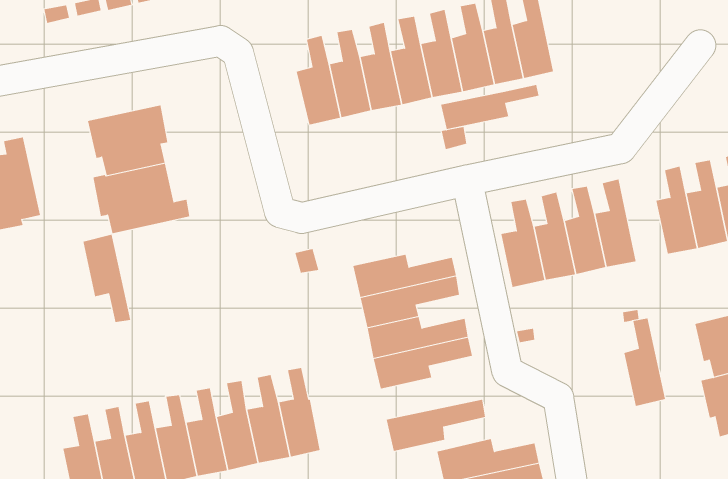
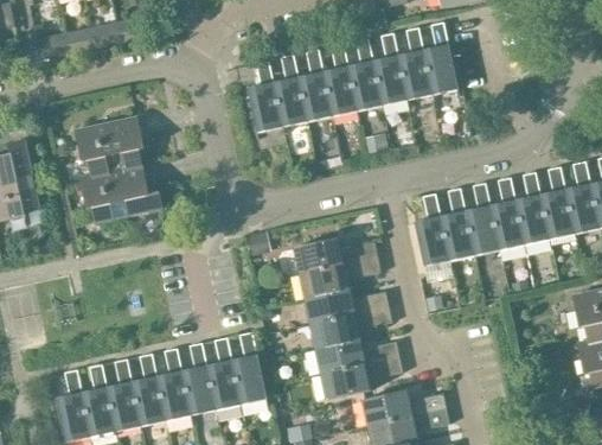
building: [440,84,539,130] -> none
building: [83,234,131,323] -> none
building: [624,318,666,406] -> [515,172,550,244]
building: none -> [315,339,399,374]

